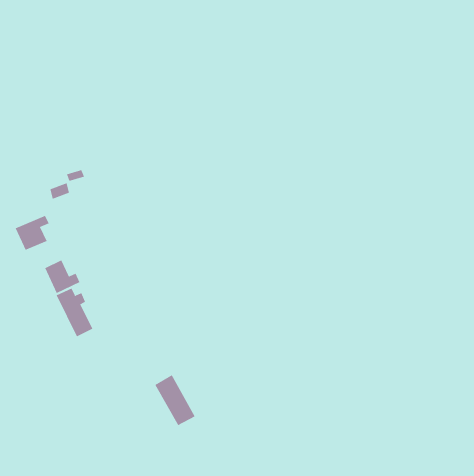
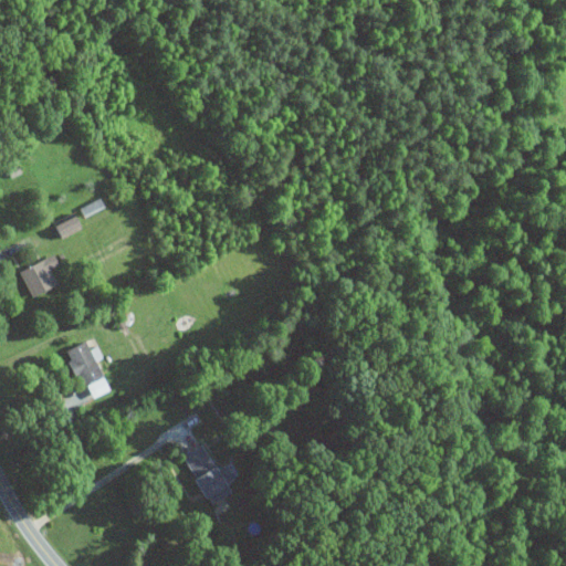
building: [44,259,80,294] -> none

